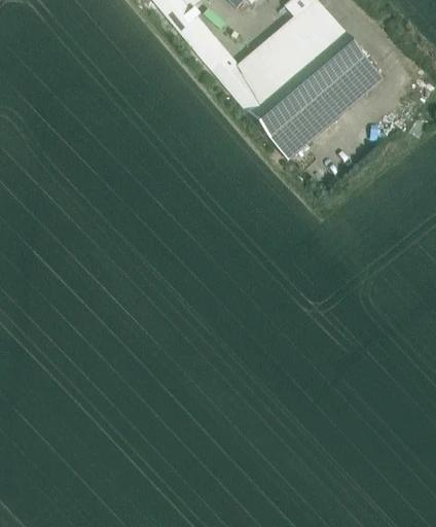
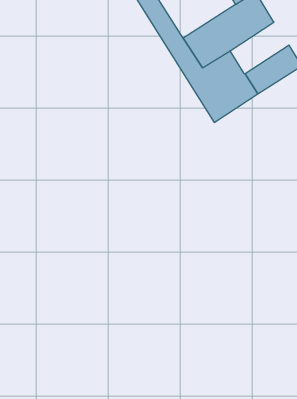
building: [295,30,364,96] -> none

